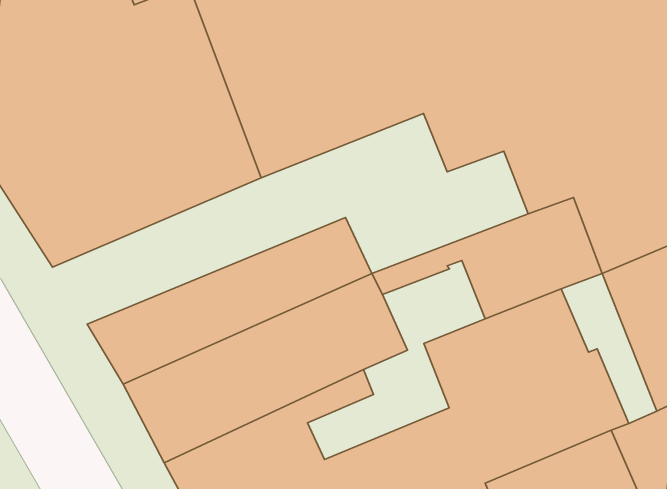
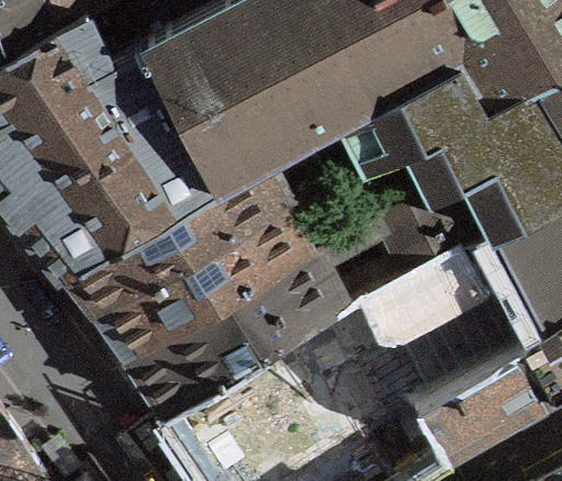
building: none -> [63,124,350,316]

